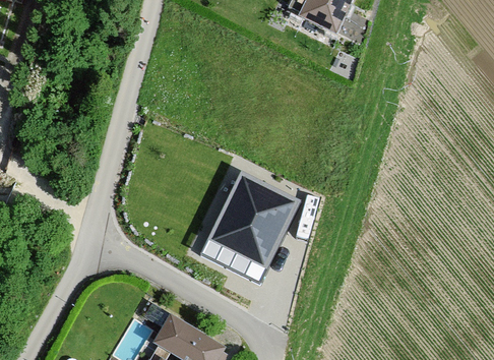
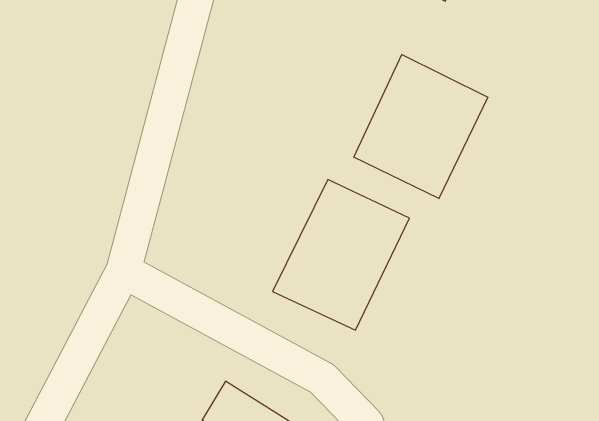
building: none -> [354,55,488,199]

